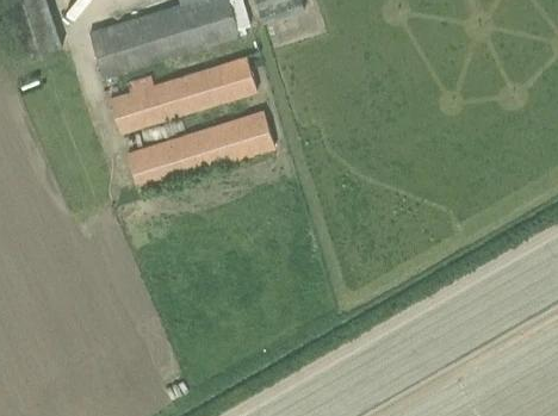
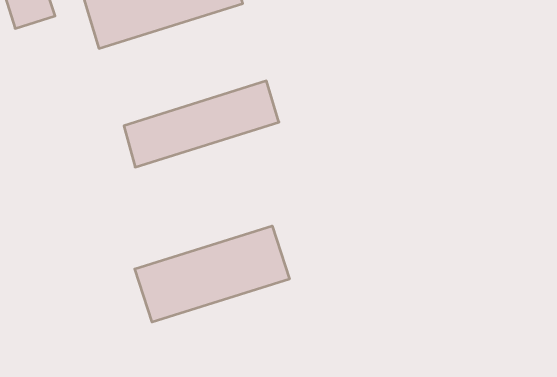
building: [110,54,259,132] -> none
building: none -> [135,226,289,322]

